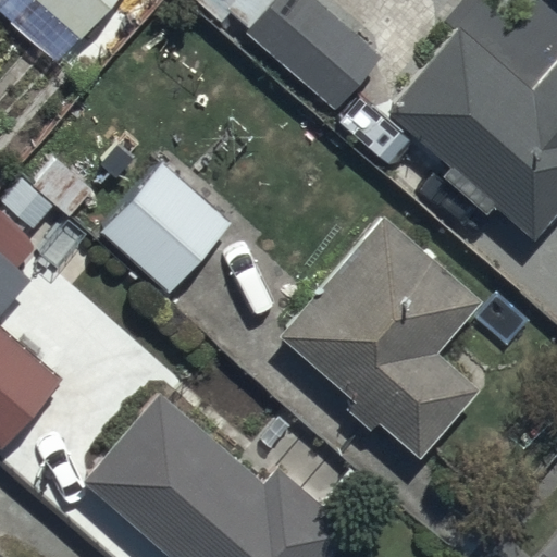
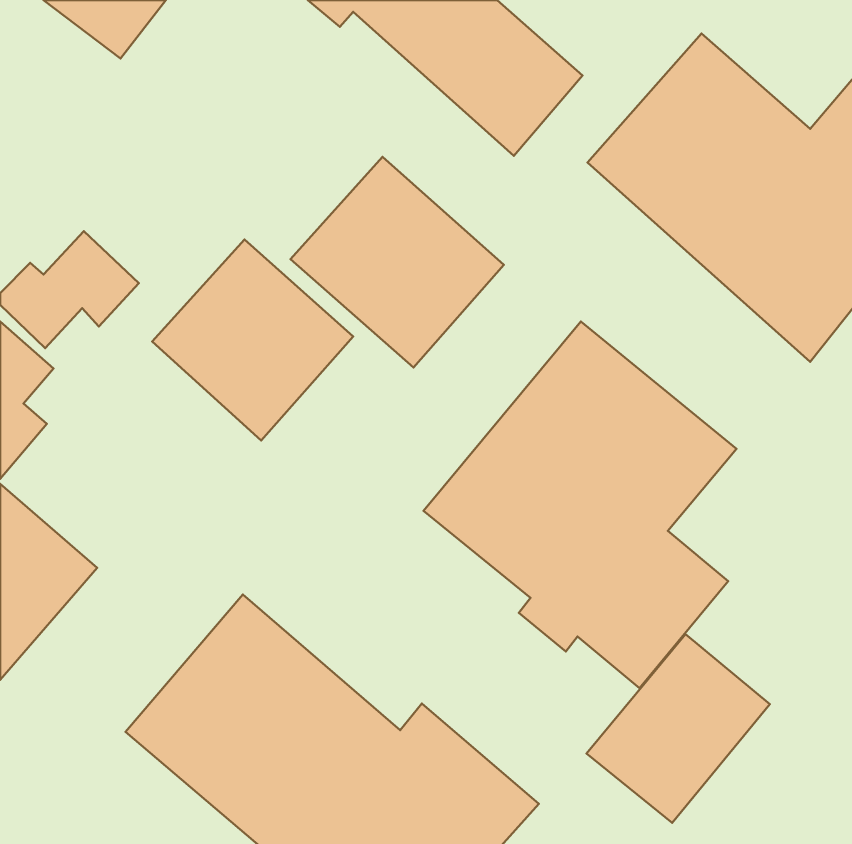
building: none -> [290,157,504,367]
building: none -> [586,634,770,823]

